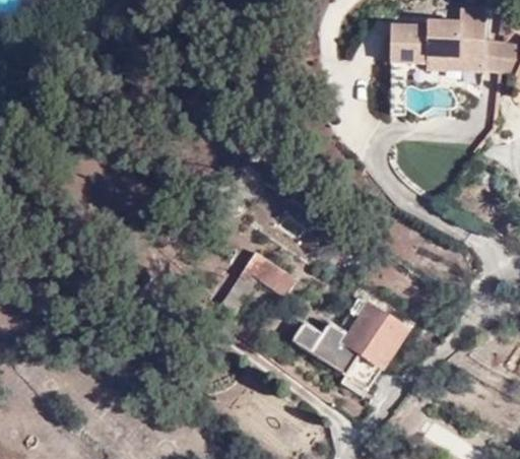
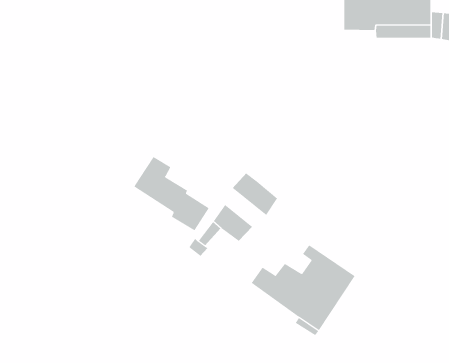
building: none -> [133,156,209,231]
building: none -> [232,173,278,216]

